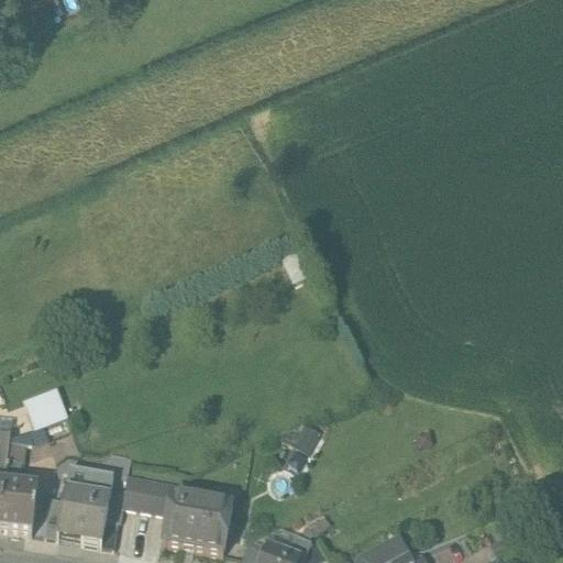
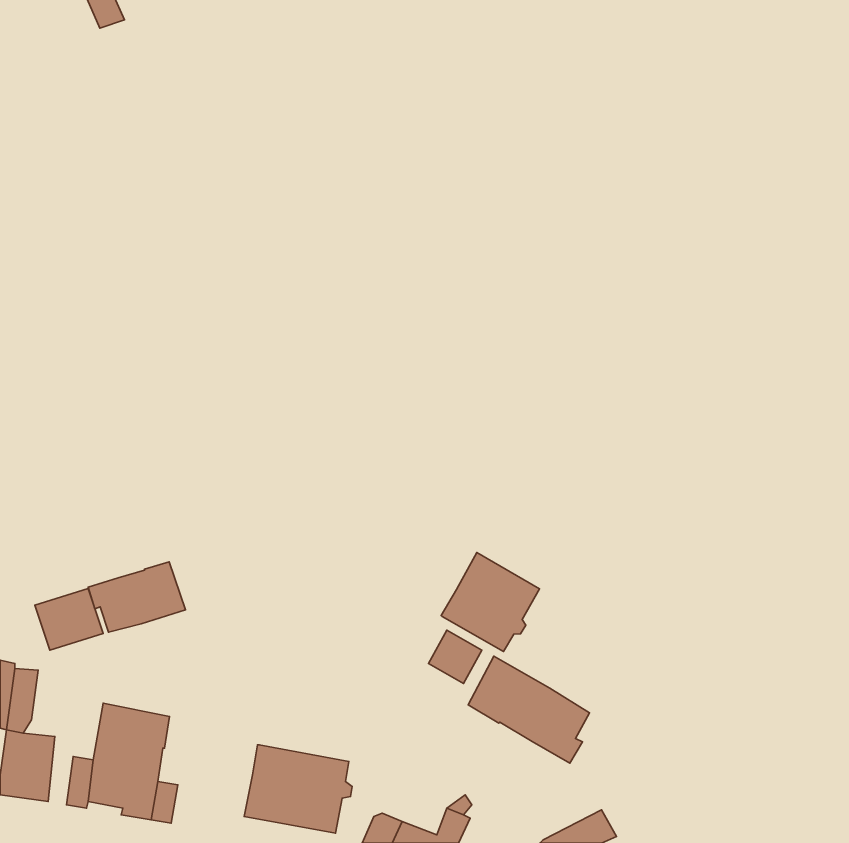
building: none -> [441,553,539,652]
building: none -> [88,562,186,632]
building: none -> [468,656,590,763]
building: [121,475,174,512] -> none

